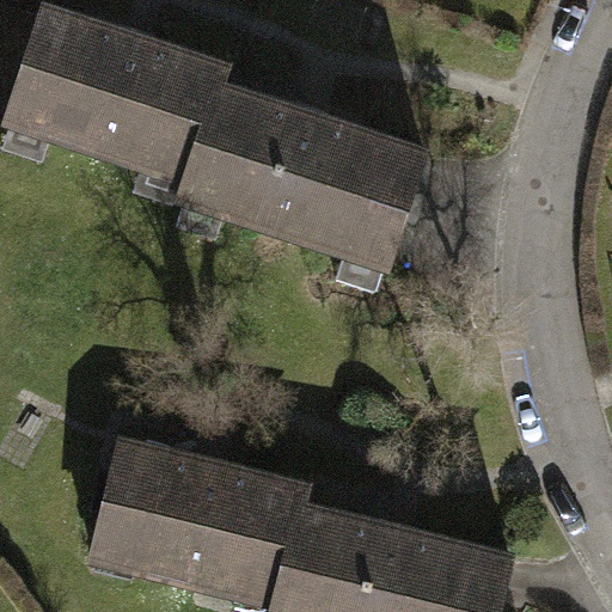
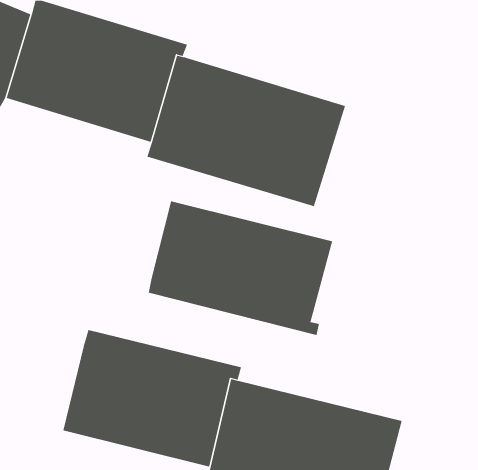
building: none -> [148,200,333,336]

